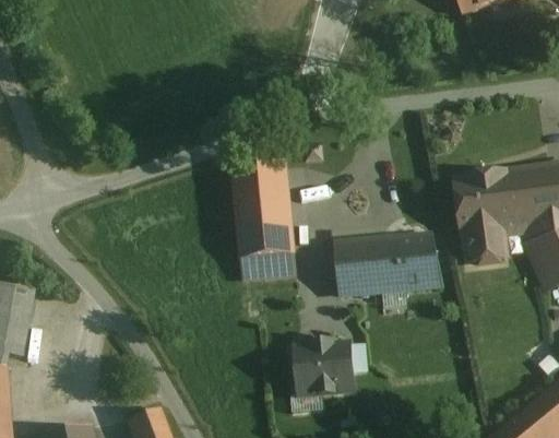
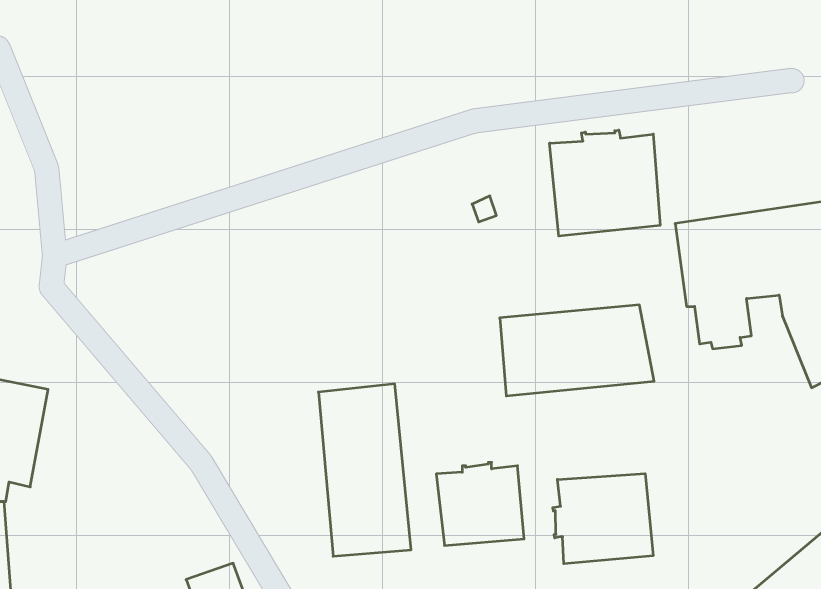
building: none -> [550,130,660,236]
building: [234,163,296,279] -> [318,384,411,556]
building: none -> [553,474,653,564]

